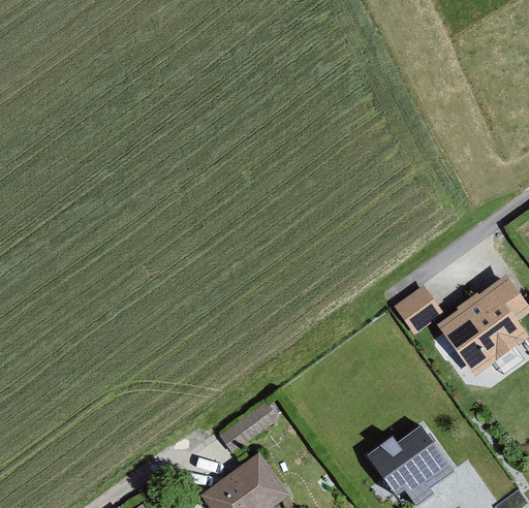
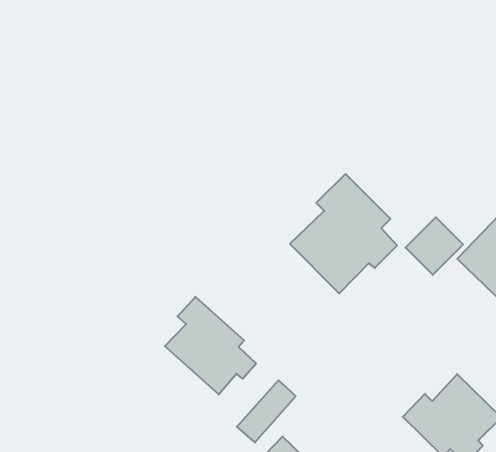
building: none -> [290,174,397,293]
building: none -> [165,297,256,395]

